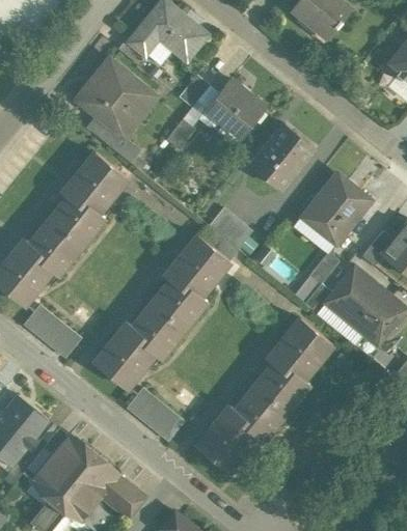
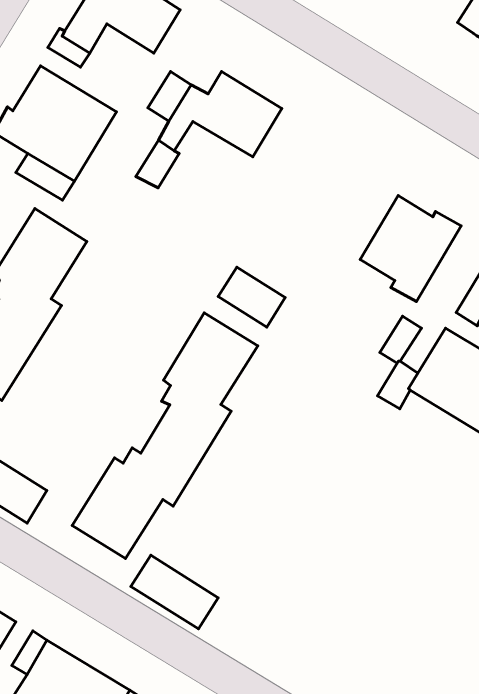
building: [250,123,314,189] -> none
building: [197,317,331,472] -> none

